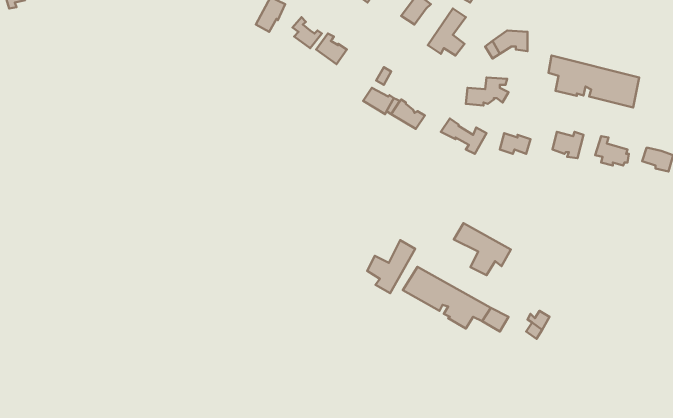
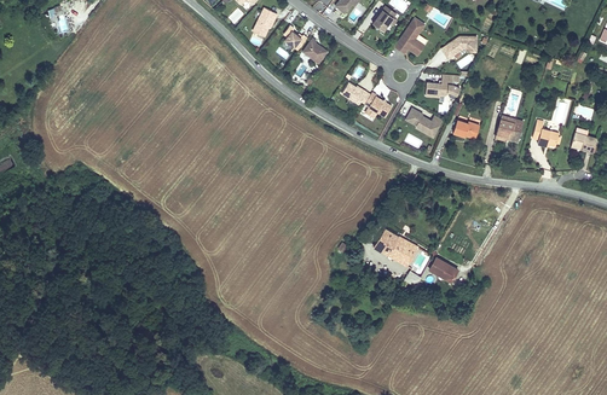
building: [548,56,639,107] -> none
building: [454,223,511,275] -> none
building: [367,240,415,293] -> none

